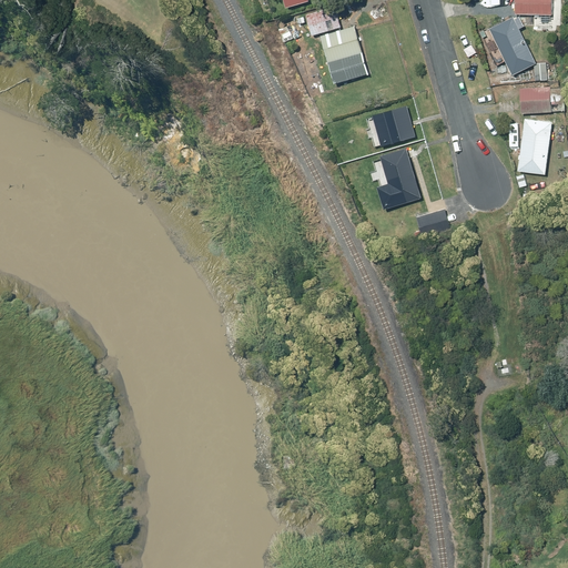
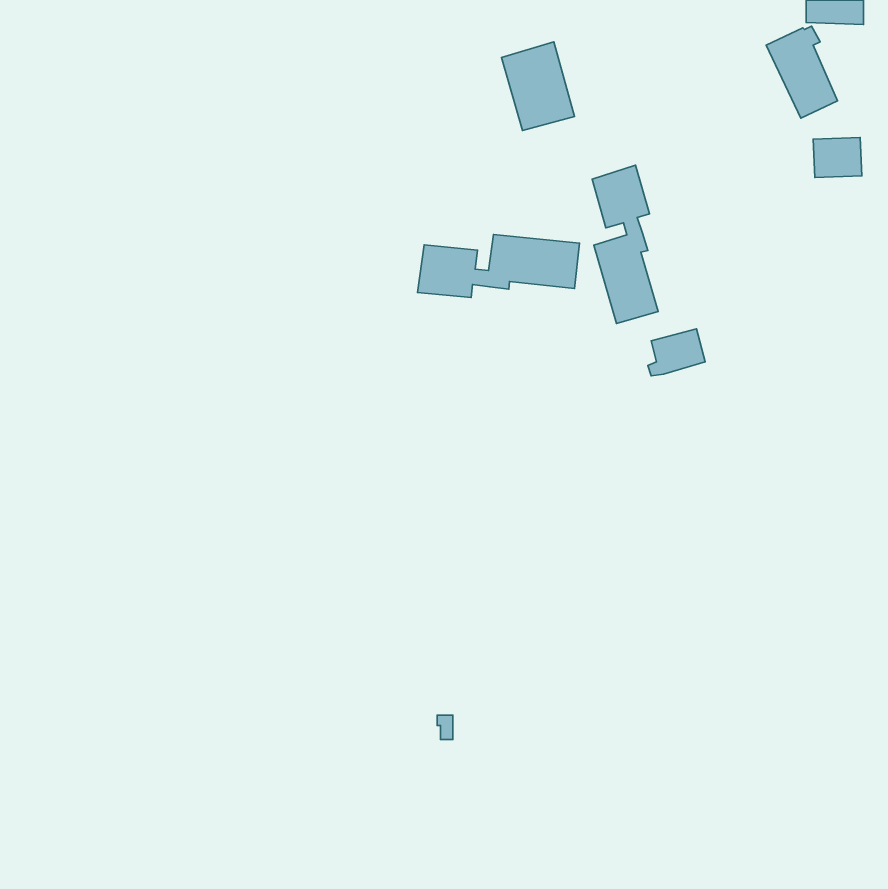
building: [308,11,339,34] -> none
building: [516,119,550,174] -> none
building: none -> [418,234,579,298]

